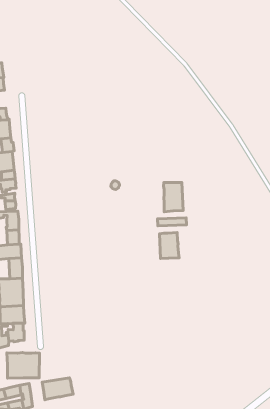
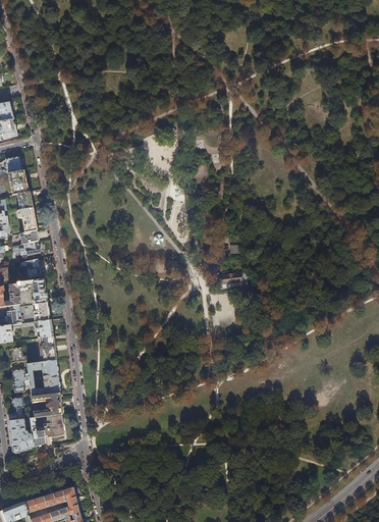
building: [164,182,183,212] -> none
building: [160,232,179,259] -> none
building: [7,353,39,378] -> none
building: [42,378,73,400] -> none

